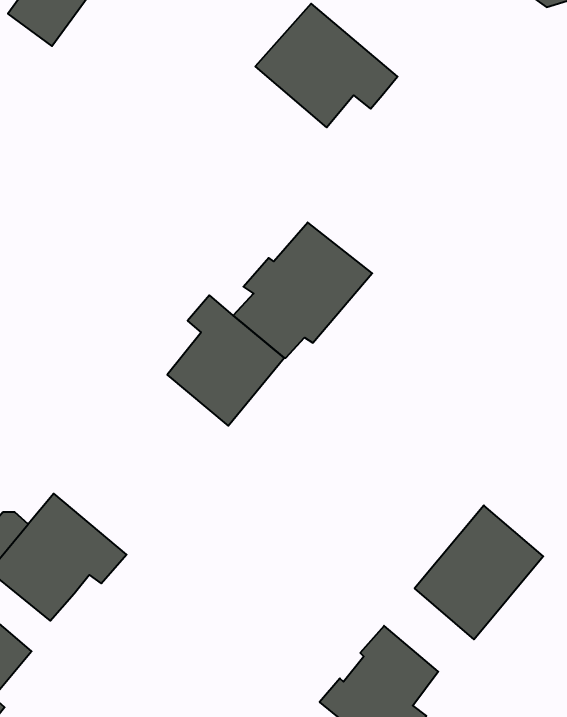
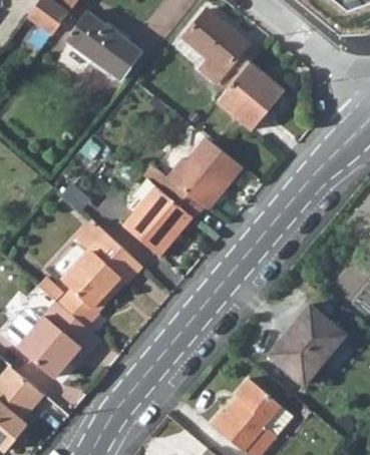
building: none -> [68,13,141,79]
building: none -> [218,63,285,130]
building: none -> [63,233,142,312]

